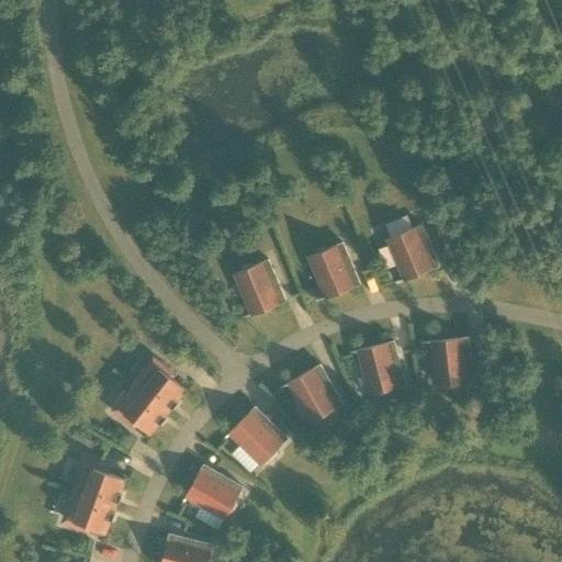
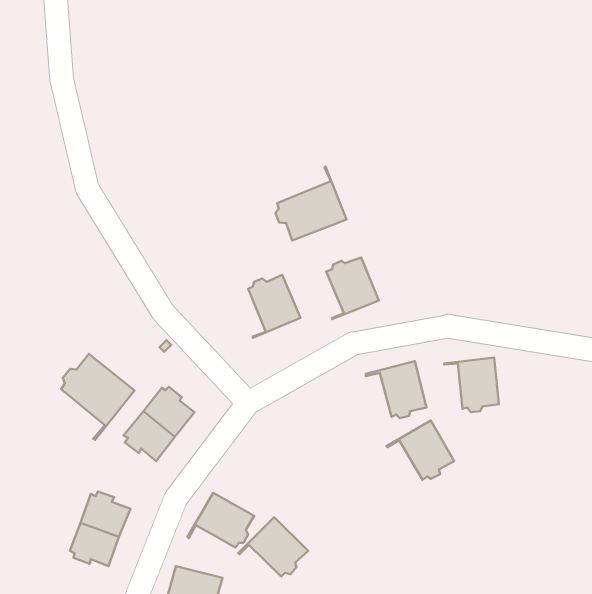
building: none -> [276,167,347,240]
building: [386,225,436,284] -> none
building: none -> [61,354,134,440]
building: [276,366,339,422] -> [386,420,454,480]
building: [218,407,284,463] -> [238,517,308,576]

